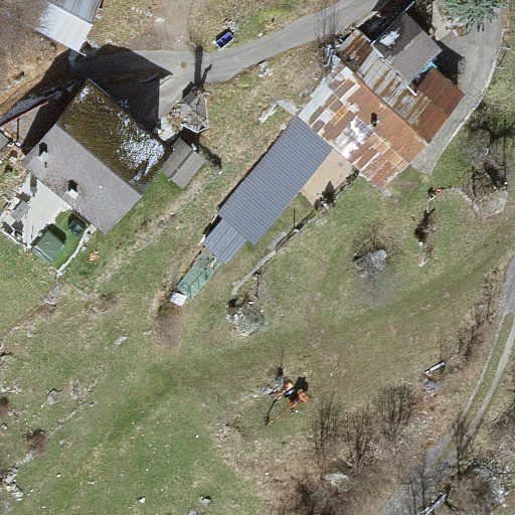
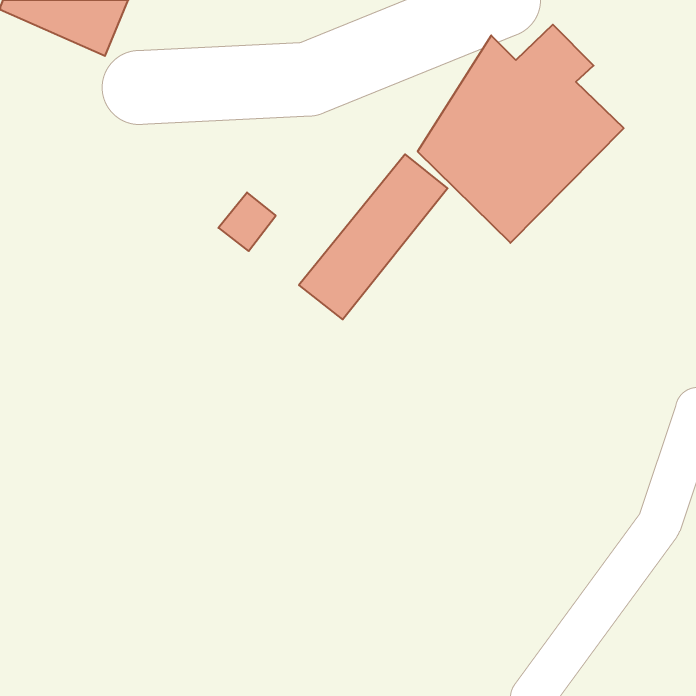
building: [30,91,154,228] -> none

